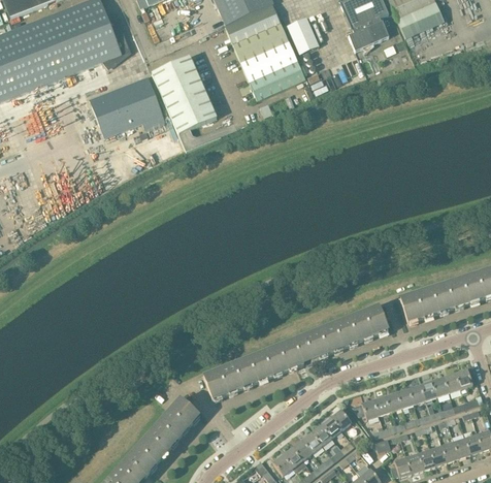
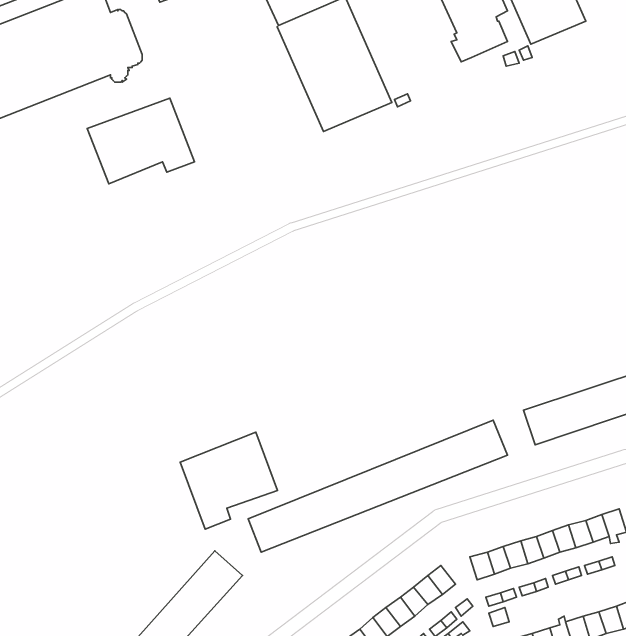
building: [286,15,319,54] -> none
building: [152,55,216,133] -> none
building: none -> [180,432,277,529]

